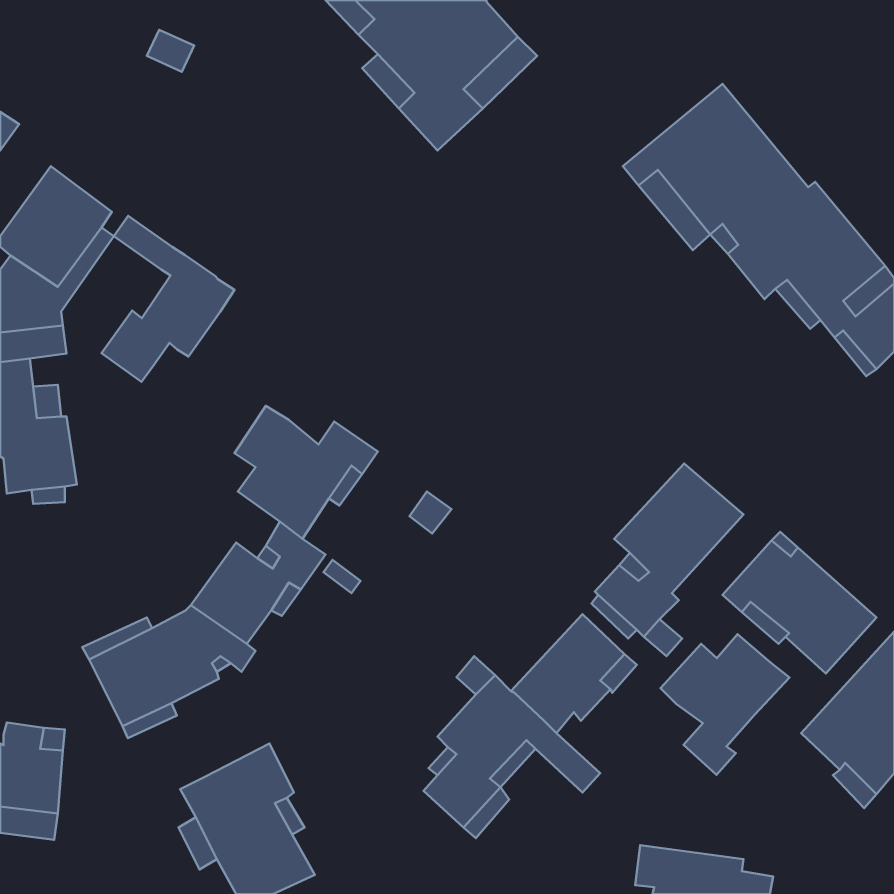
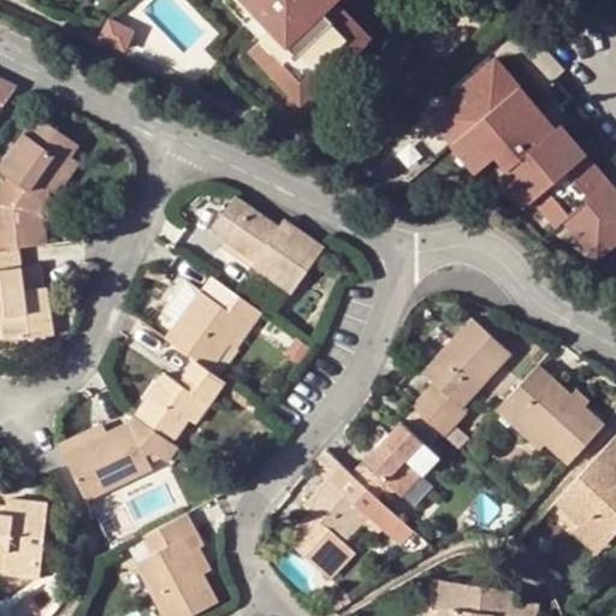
building: [102,216,235,382] -> none
building: none -> [209,195,322,295]
building: [661,634,789,775] -> none

